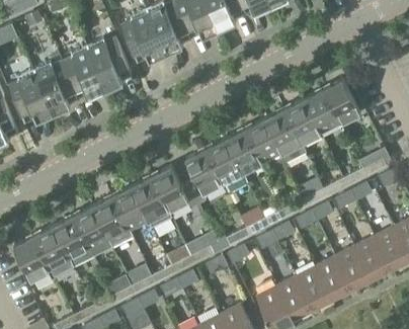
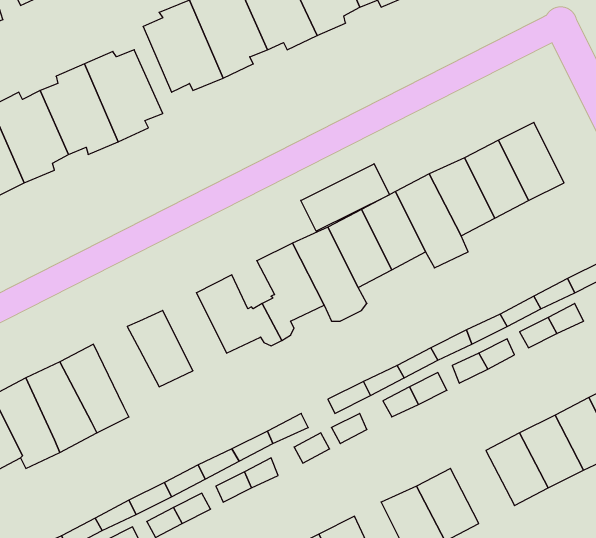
building: none -> [301,164,389,231]
building: [131,177,171,228] -> none
building: [91,196,133,248] -> none
building: [295,267,331,309] -> none

